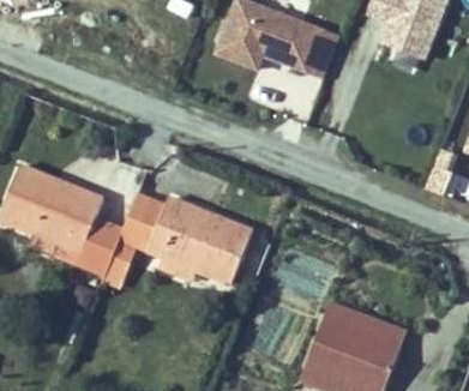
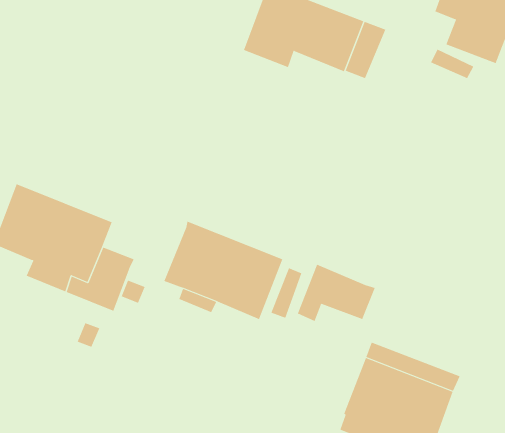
building: [118,193,166,251] -> none
building: none -> [297,264,376,322]

